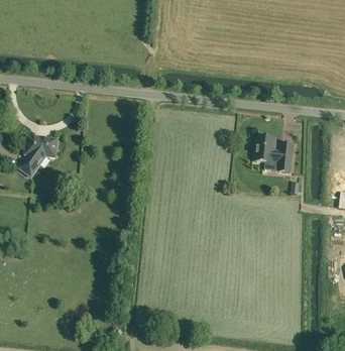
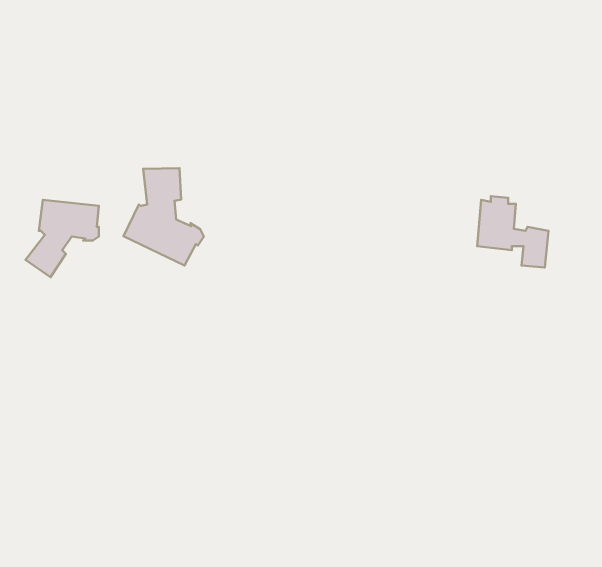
building: none -> [124,168,204,266]

